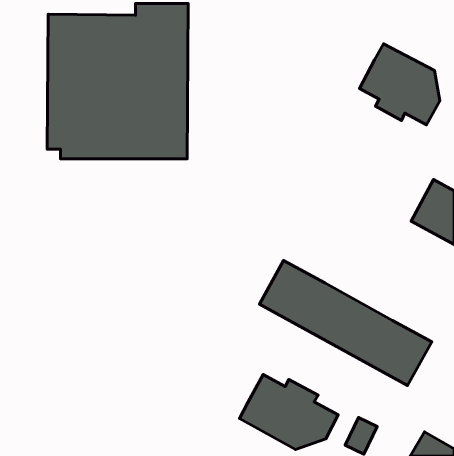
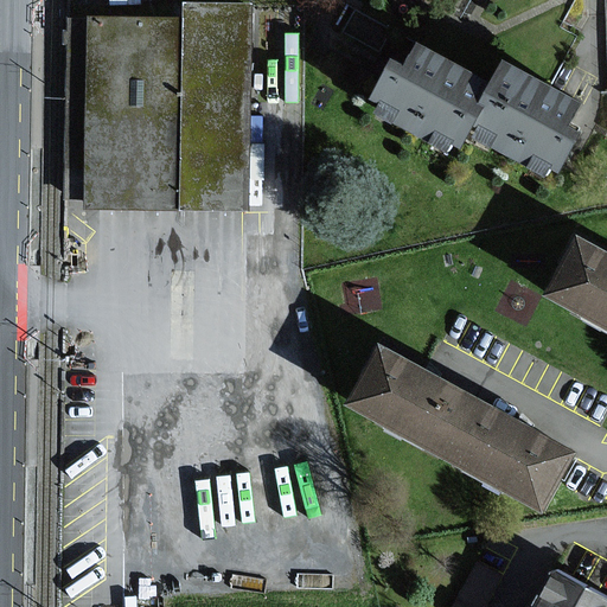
building: none -> [377,39,498,140]
building: [239,375,338,449] -> none

